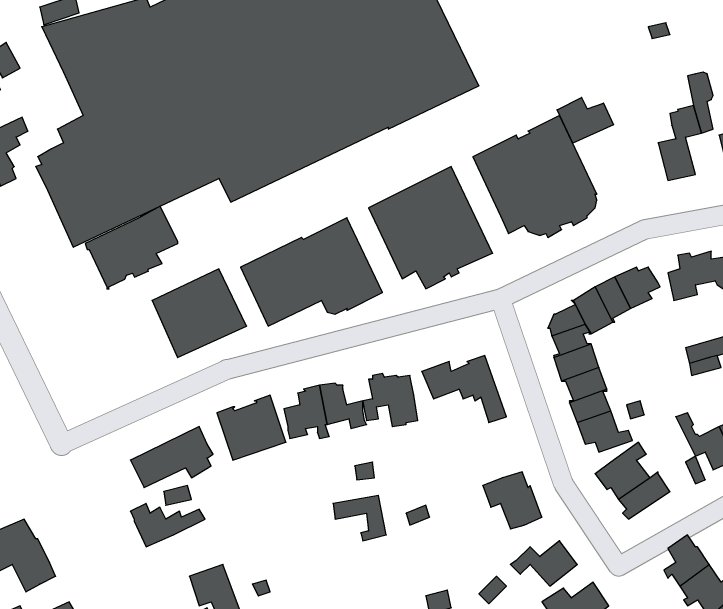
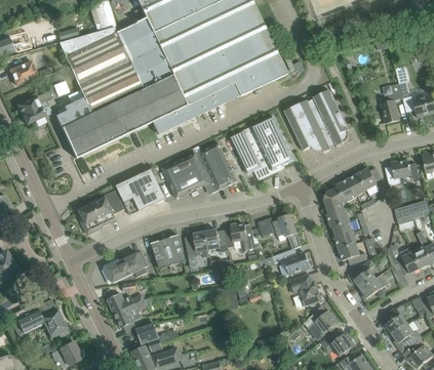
building: [557,97,613,143] -> none
building: [85,206,178,289] -> [76,190,124,233]
building: none -> [271,251,309,277]
building: none -> [113,299,146,328]

